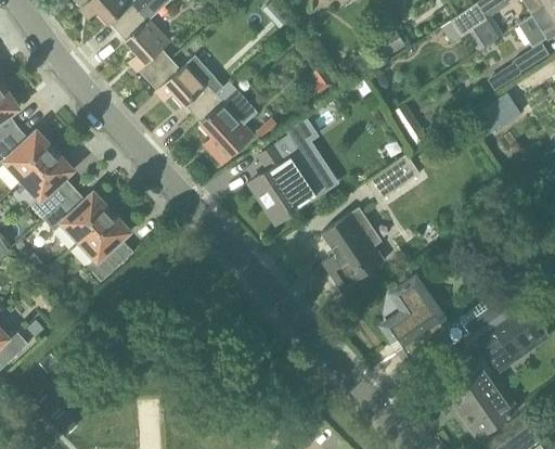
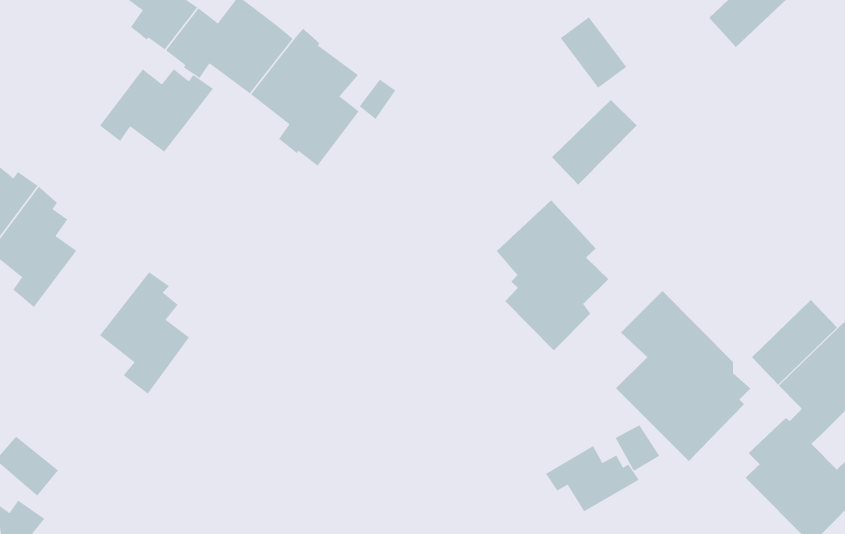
building: [251,123,325,222] -> none
building: [43,189,115,241] -> [99,68,214,153]
building: none -> [545,445,639,512]

